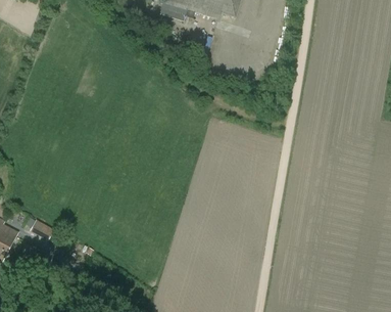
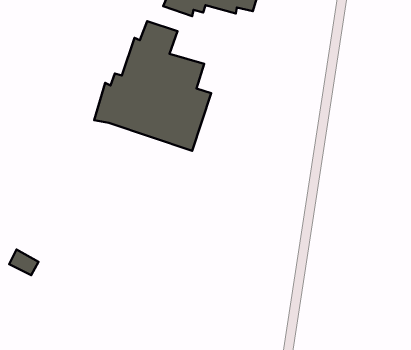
building: none -> [94,21,211,151]

